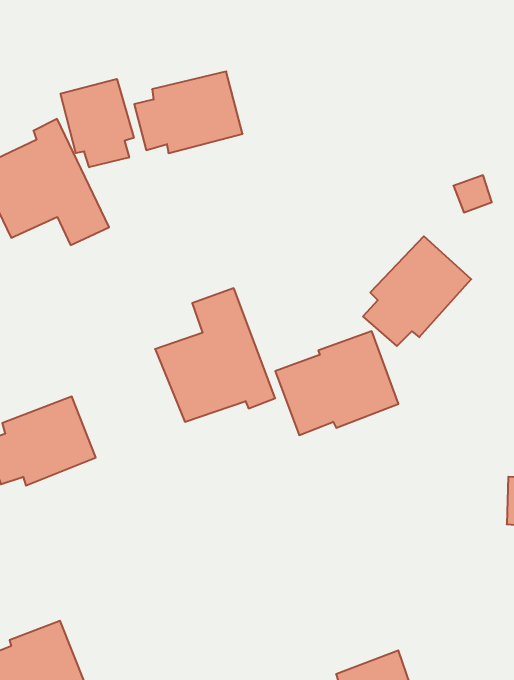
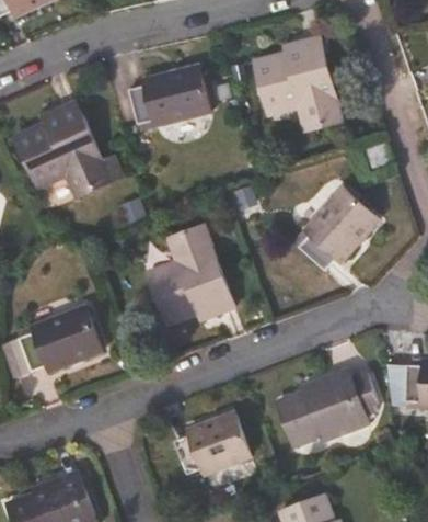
building: none -> [253,37,342,129]
building: [61,79,134,167] -> none
building: [275,331,398,435] -> [277,370,368,446]
building: none -> [175,412,251,474]

